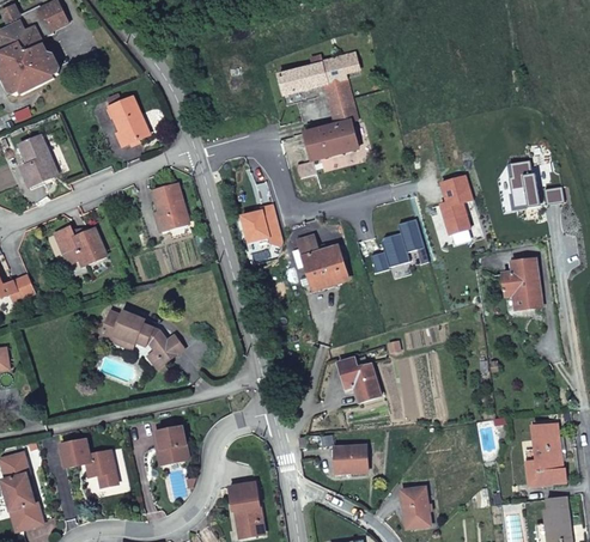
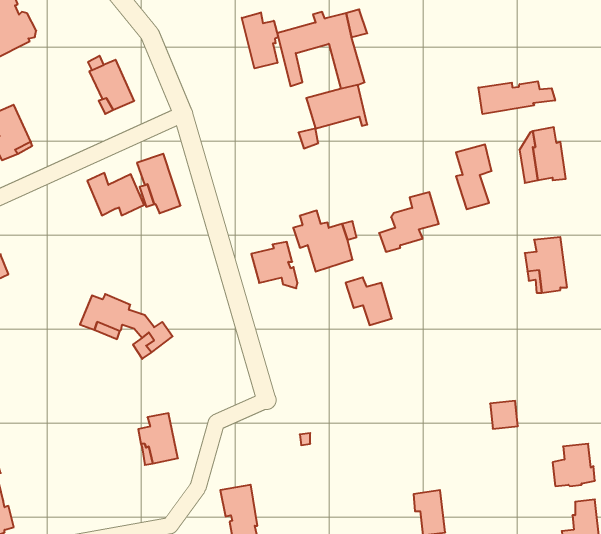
building: none -> [242,12,278,68]
building: none -> [478,81,555,114]
building: [242,203,284,245] -> [251,242,298,288]
building: [54,226,105,264] -> [87,173,144,215]
building: [337,358,379,401] -> [346,277,392,325]
building: [534,422,559,447] -> [490,401,518,429]
building: [59,438,116,487] -> none
building: [334,445,366,473] -> none

